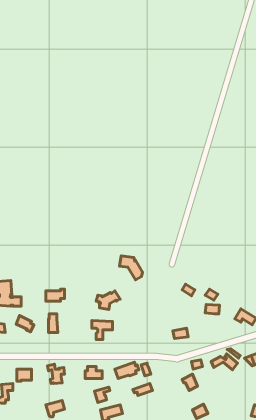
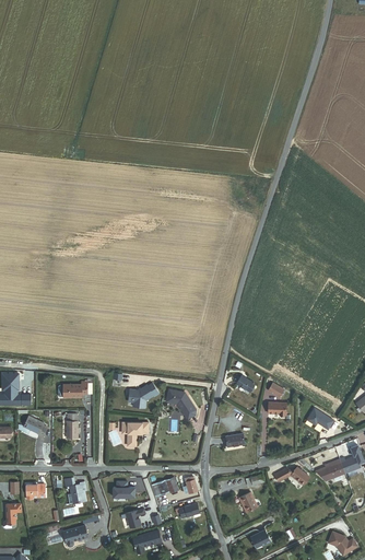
building: [119,256,142,280] -> [165,388,195,419]

